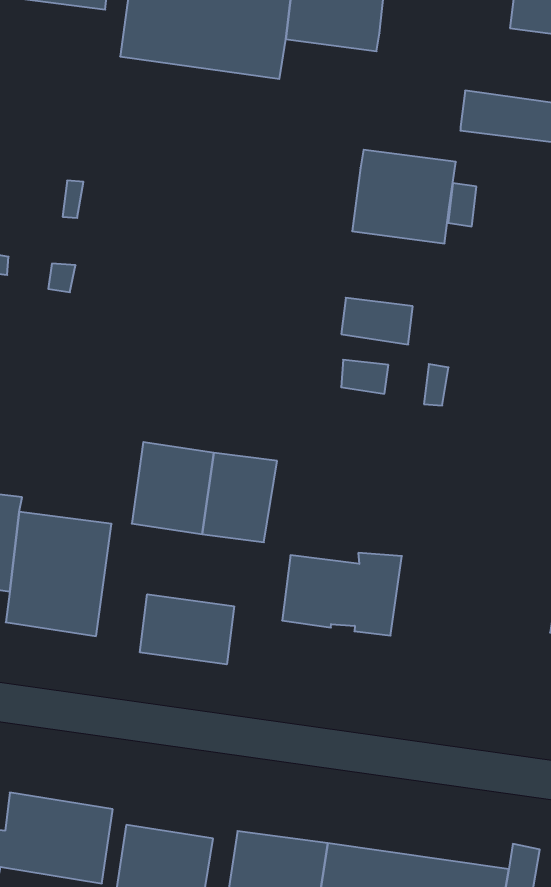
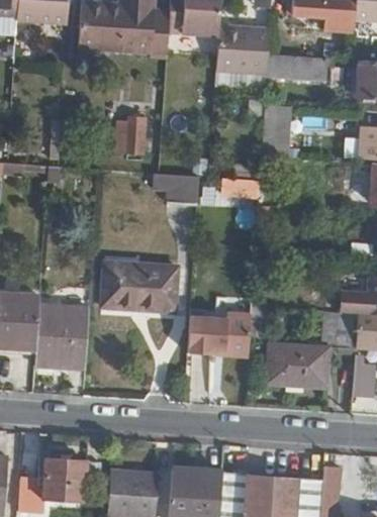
building: [352,150,456,243] -> [214,25,269,74]
building: none -> [115,119,143,154]
building: none -> [151,173,197,204]
building: [140,594,234,664] -> none
building: none -> [265,343,325,389]

